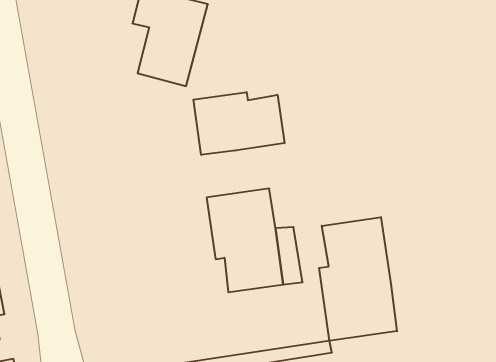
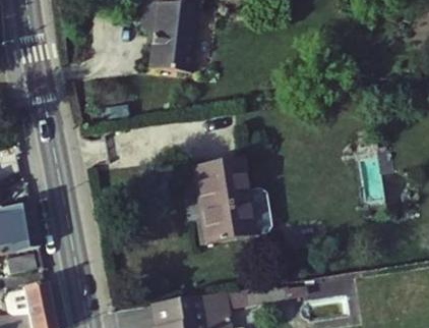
building: [193,92,284,155] -> none
building: [319,217,397,341] -> none

